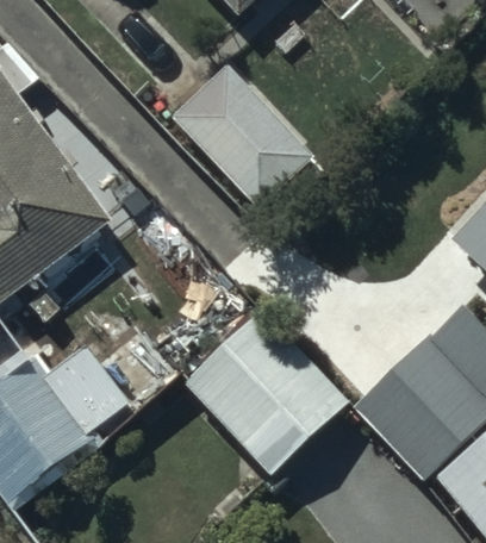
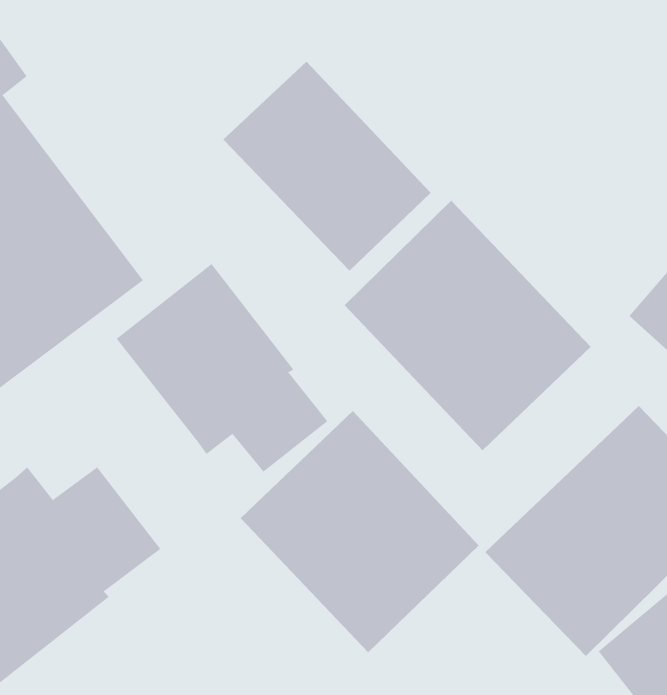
building: none -> [344,200,591,451]
building: none -> [116,263,328,472]

